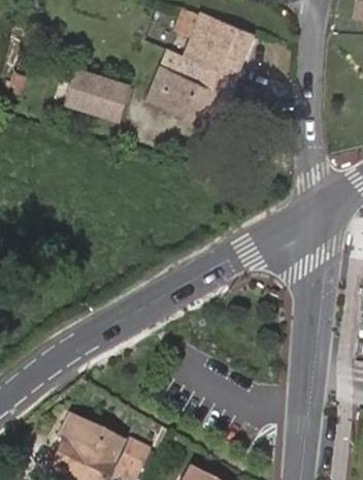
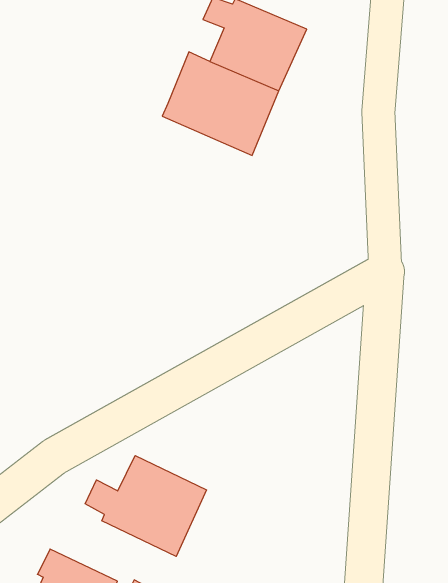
building: [67,70,129,120] -> none
building: none -> [85,456,207,556]

